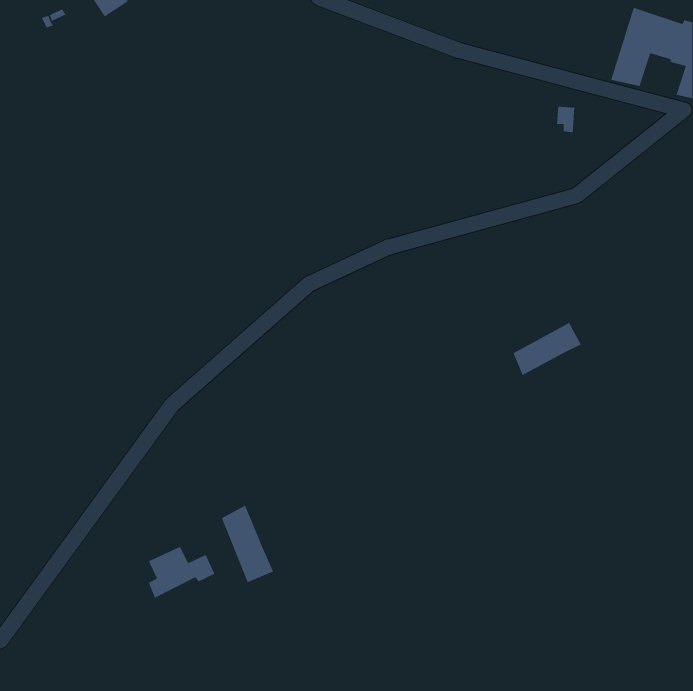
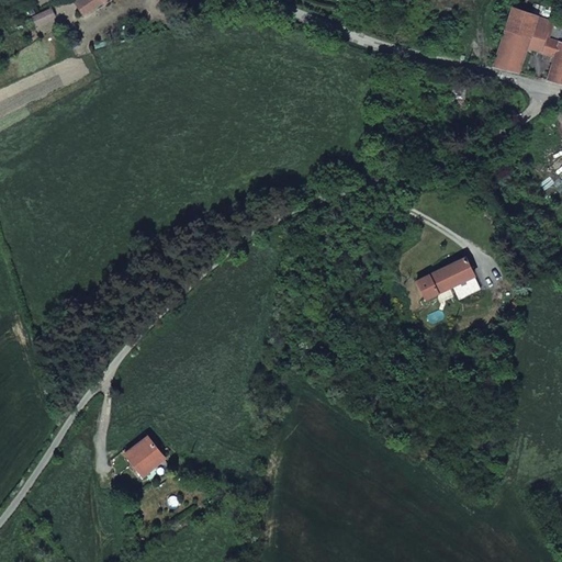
building: [221,505,274,583] -> none

